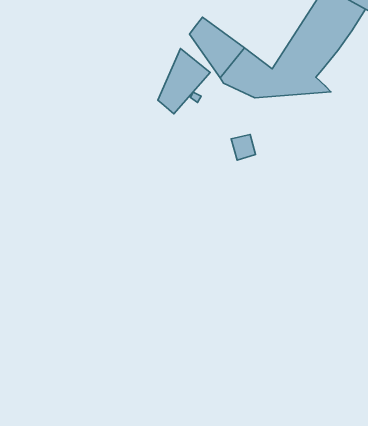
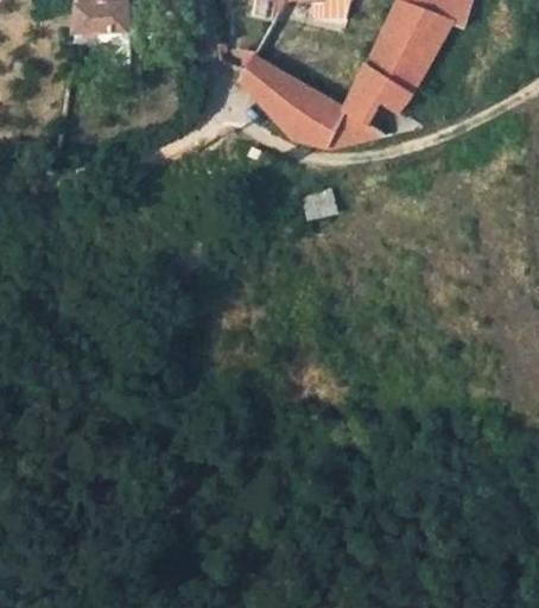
building: [158,49,210,114] -> none

